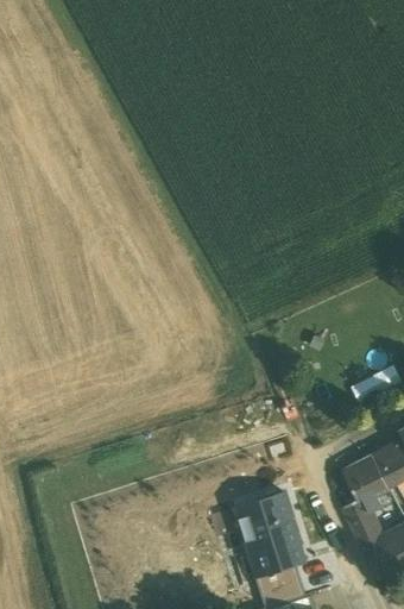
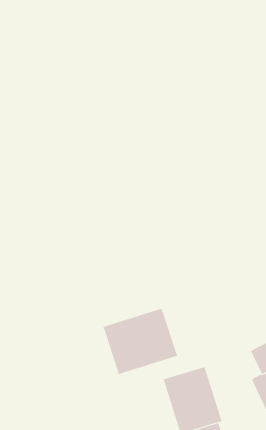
building: none -> [103,308,178,375]

